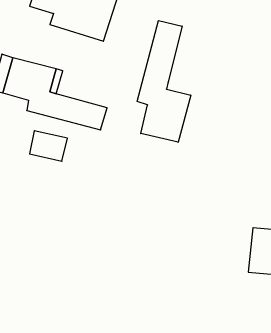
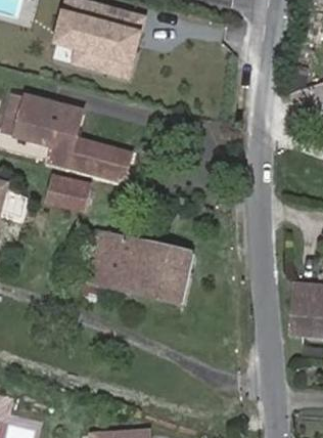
building: [137,21,191,142] -> none
building: none -> [78,233,191,304]

